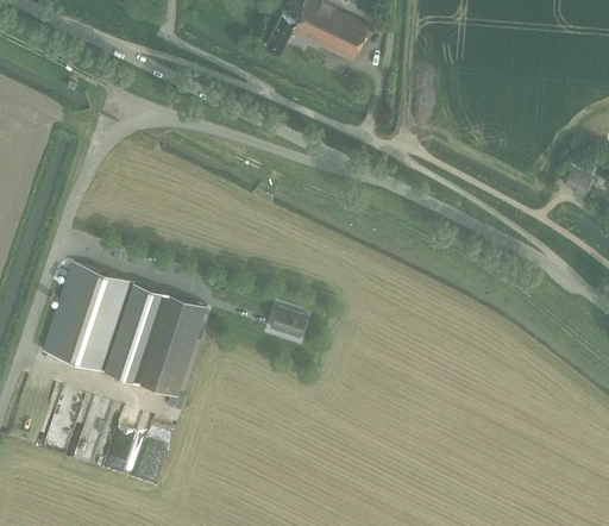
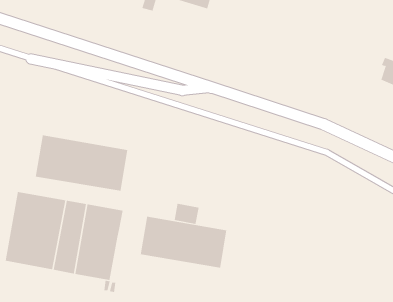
building: none -> [35,135,128,191]
building: none -> [140,216,227,268]

